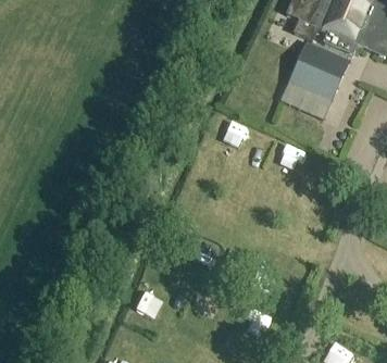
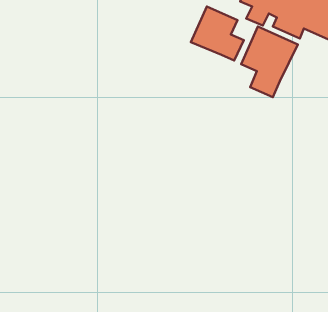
building: none -> [191,6,244,61]

